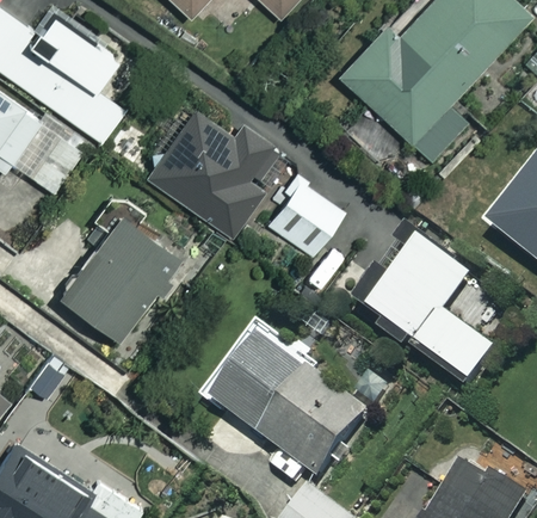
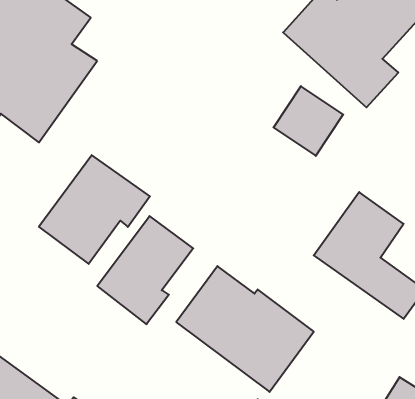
building: [146,106,289,234] -> none
building: [266,178,345,257] -> [273,86,343,156]
building: none -> [97,216,193,324]

